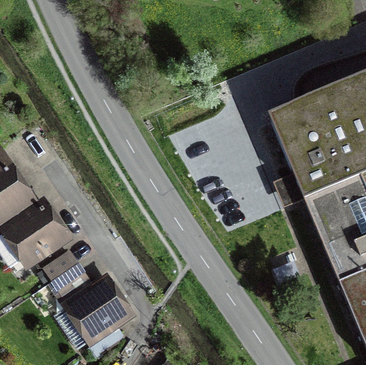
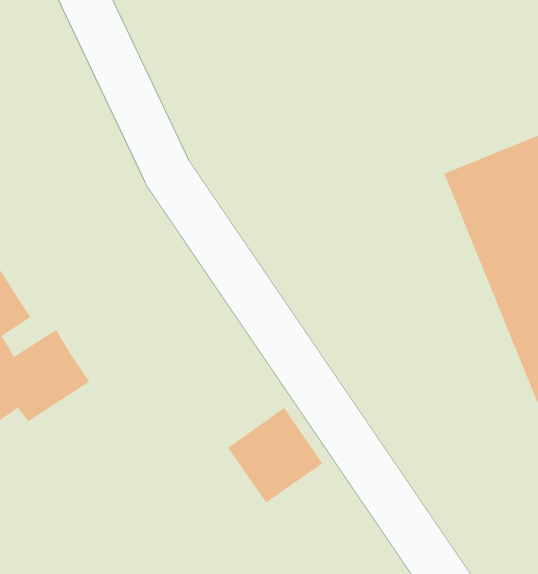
building: [45,248,87,291] -> none
building: [70,278,127,335] -> [227,407,323,504]

